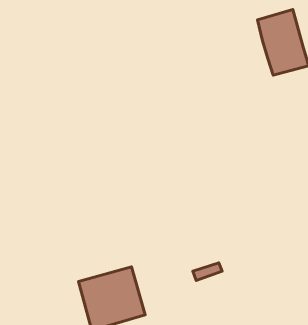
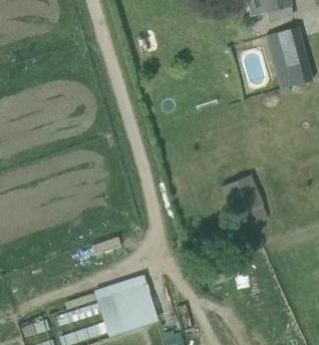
building: none -> [223,177,263,217]

